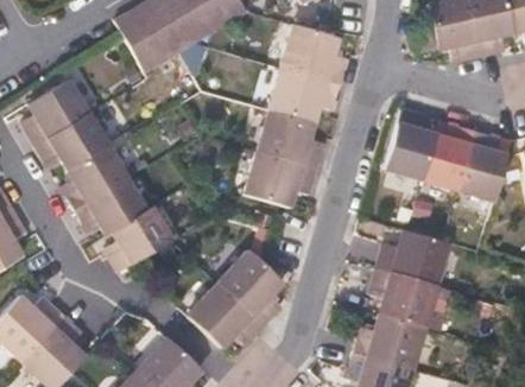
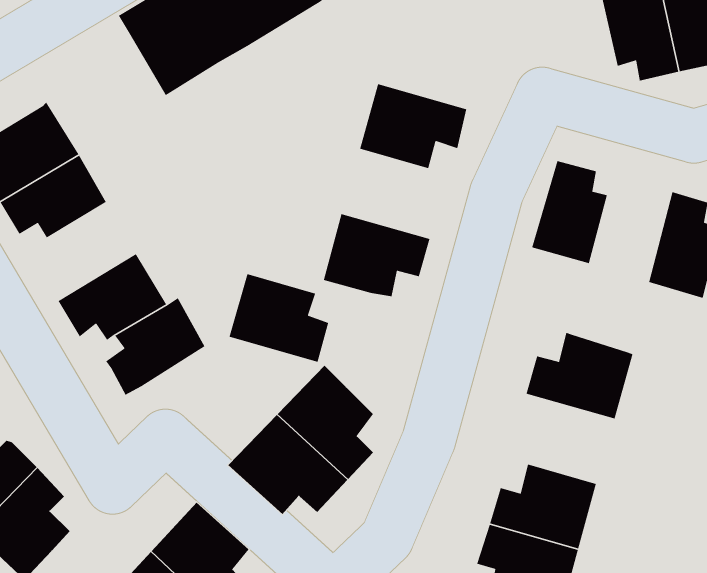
building: [284,24,349,80] -> none
building: [260,106,325,164] -> [228,273,329,363]
building: [422,126,475,192] -> none
building: [62,140,127,204] -> none
building: [373,265,438,323] -> none

